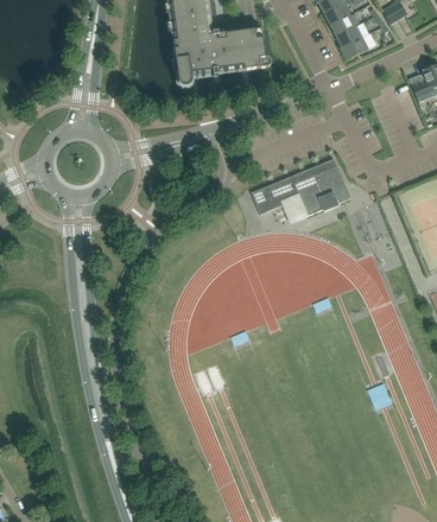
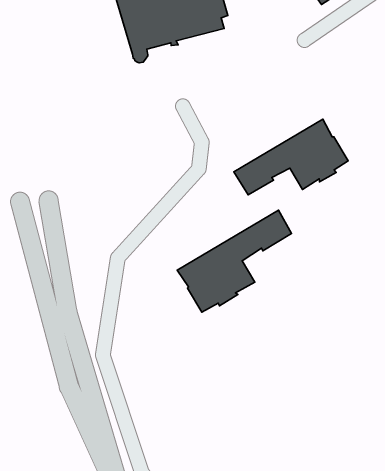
building: none -> [177,210,291,312]

